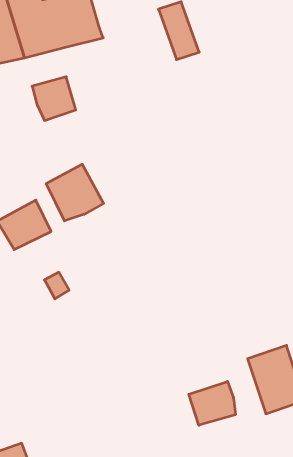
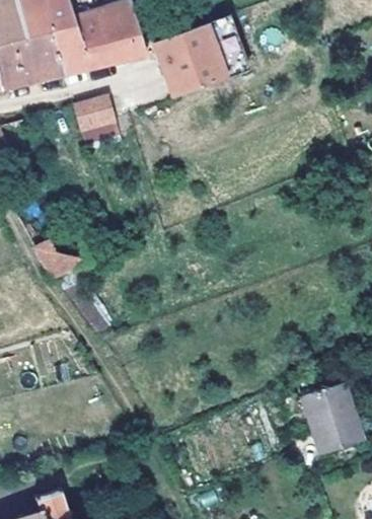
building: none -> [153,22,225,96]
building: [46,164,104,221] -> none
building: [189,381,235,425] -> none

